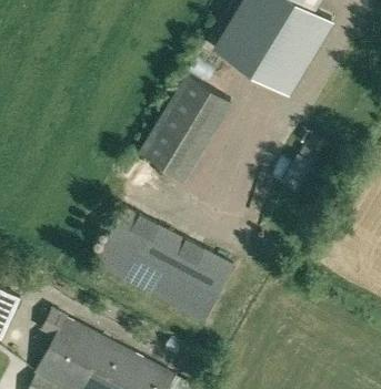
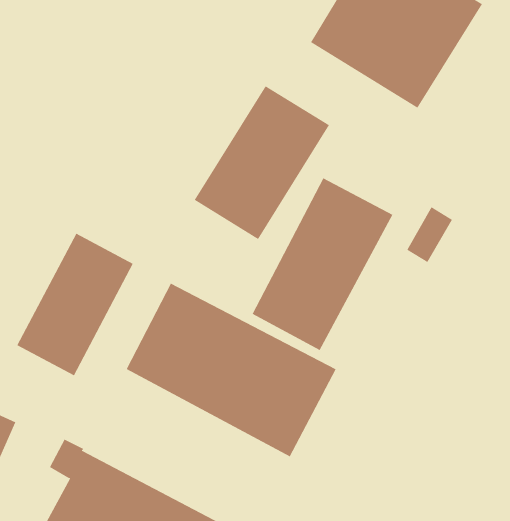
building: none -> [252,177,393,351]
building: none -> [17,233,134,376]

